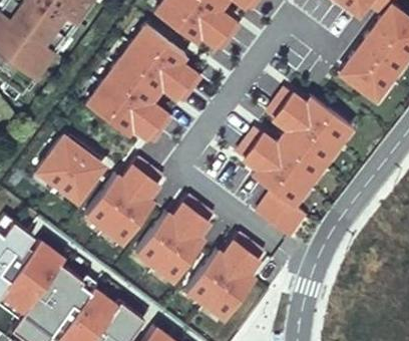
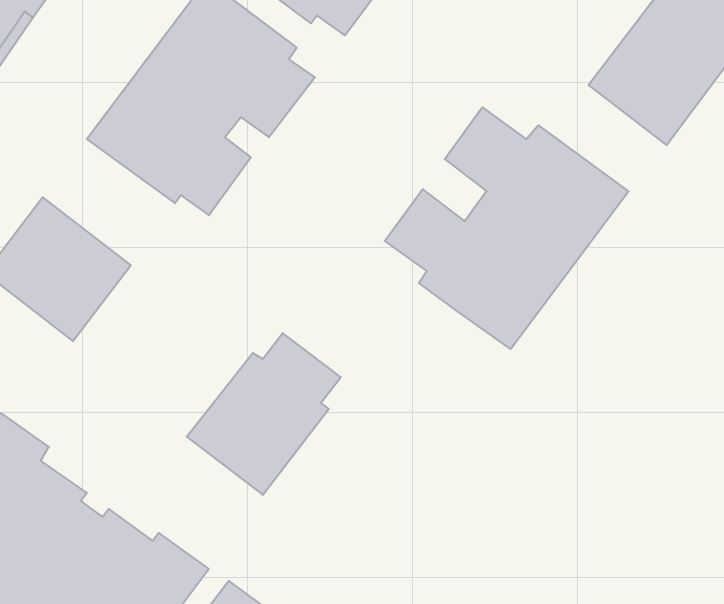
building: [86,162,162,245] -> none
building: [255,190,308,240] -> none
building: [186,240,264,321] -> none

